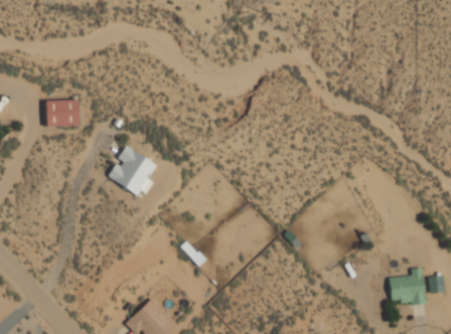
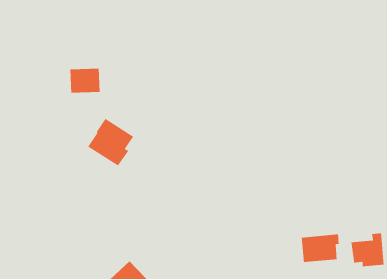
building: [46,100,80,127] -> [69,68,101,93]
building: none -> [301,233,340,263]

